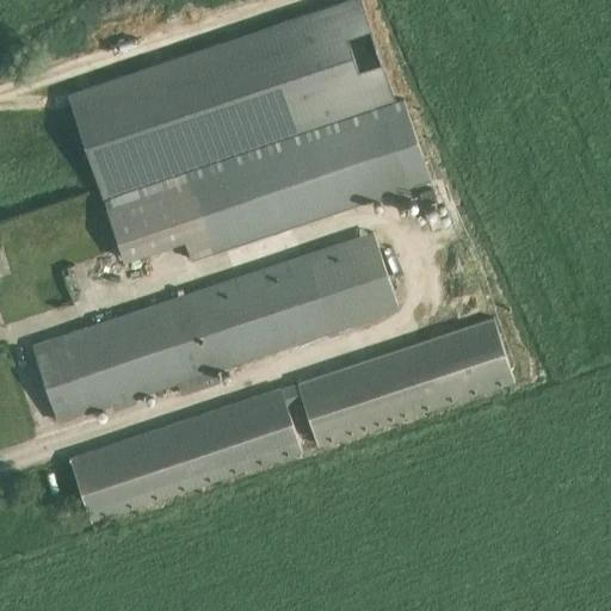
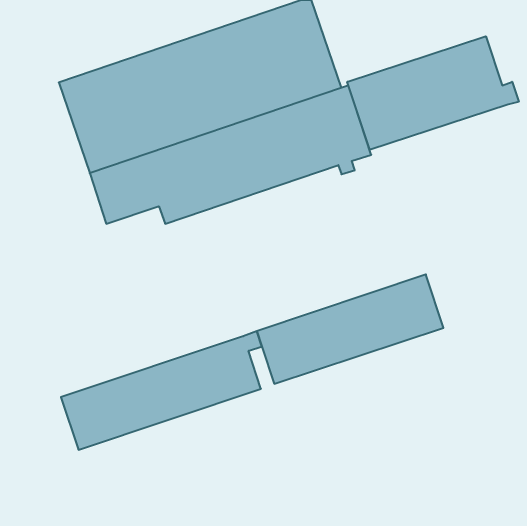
building: none -> [347,36,519,150]
building: [32,239,384,422] -> none

